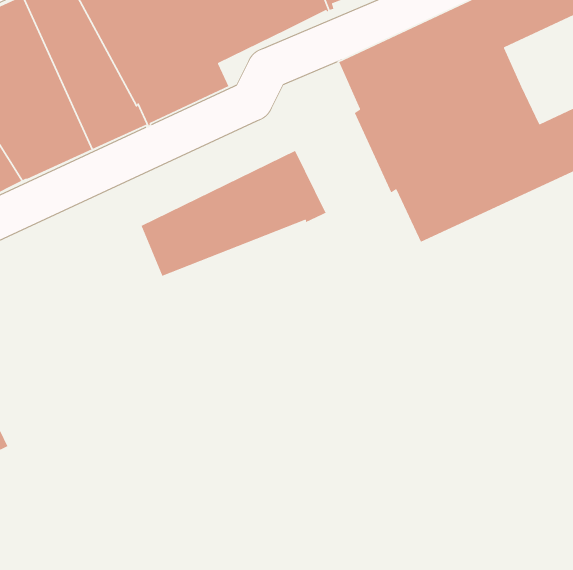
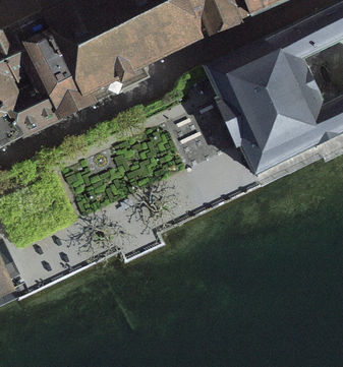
building: [140,150,329,277] -> none

